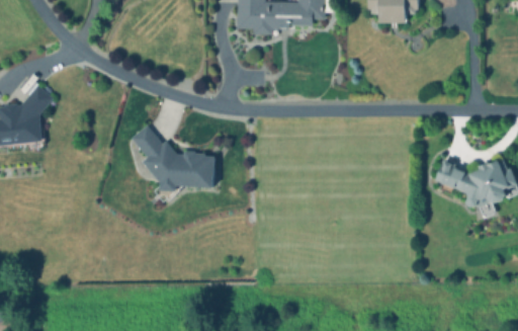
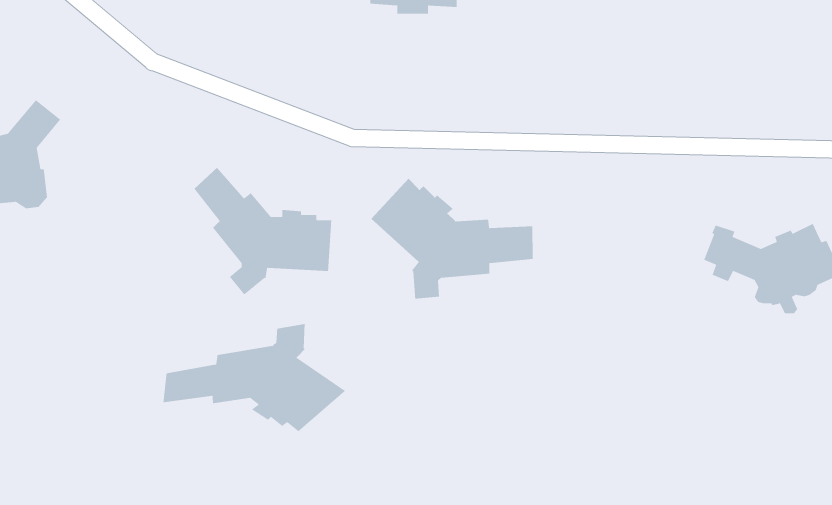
building: none -> [371,178,534,300]
building: none -> [162,323,346,432]

